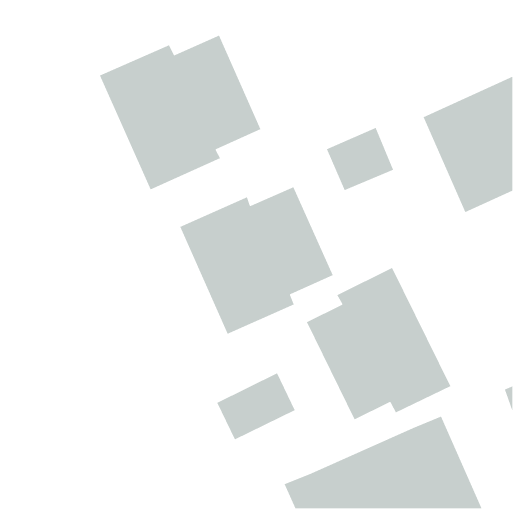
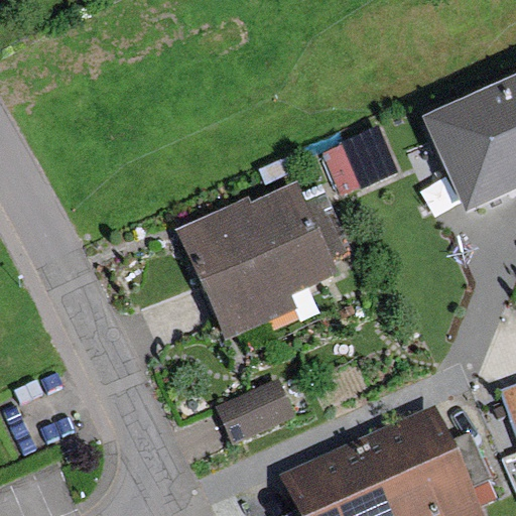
building: [99,34,261,190] -> none
building: [306,267,451,421] -> none

